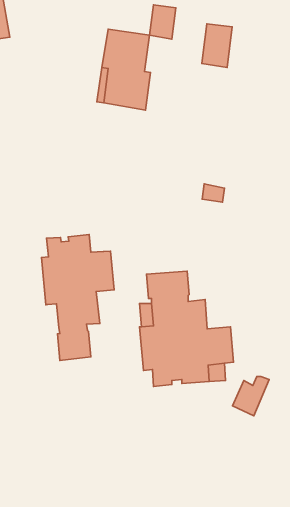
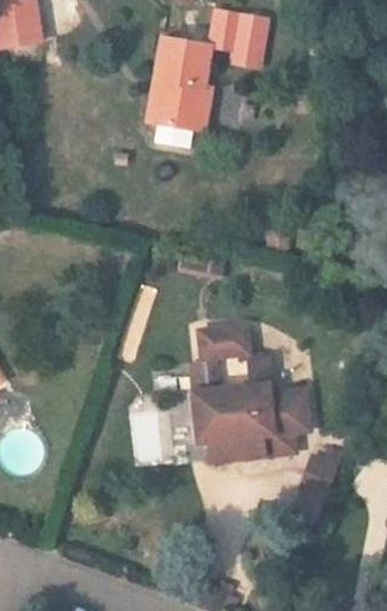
building: [202,24,232,67] -> [231,10,266,61]
building: [42,234,114,360] -> none

